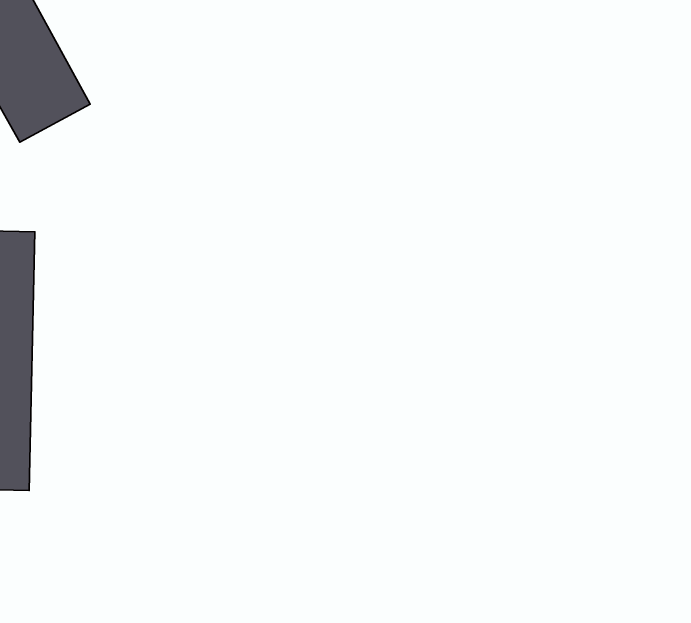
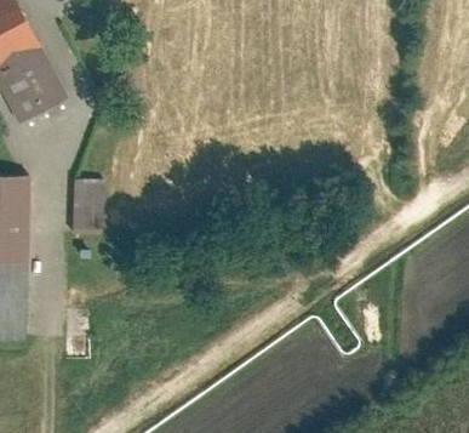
building: none -> [73,180,104,234]

